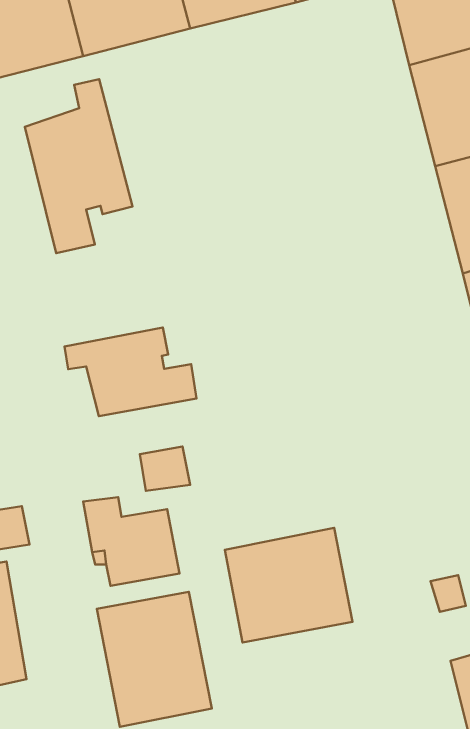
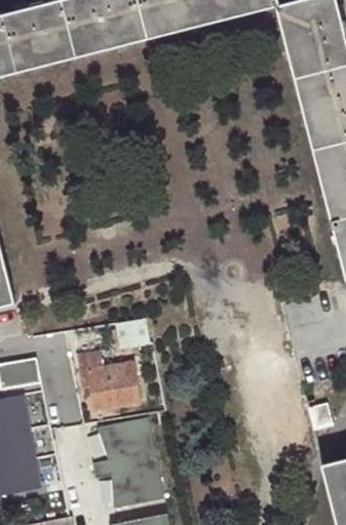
building: [25,79,133,253] -> none
building: [65,327,196,416] -> none
building: [225,528,352,643] -> none

